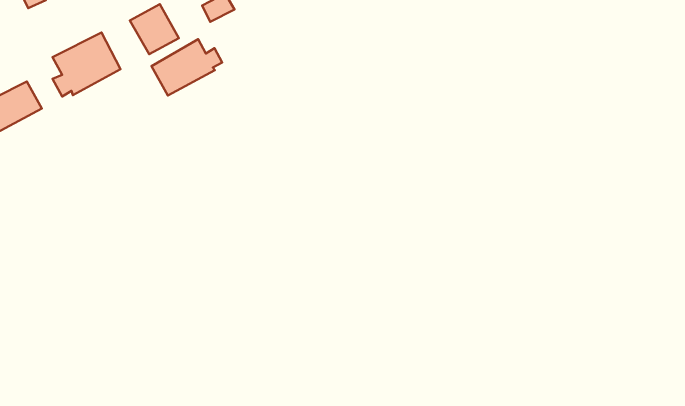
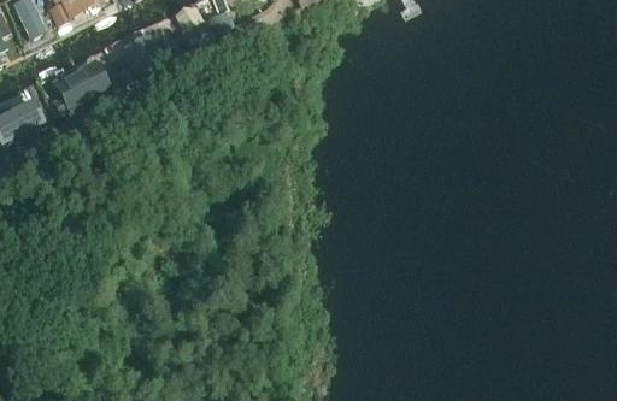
building: [151,39,222,96] -> none

